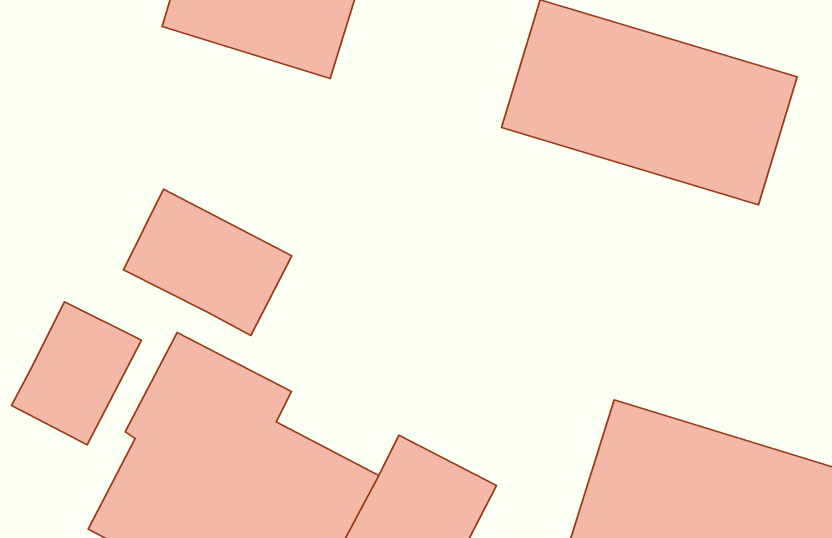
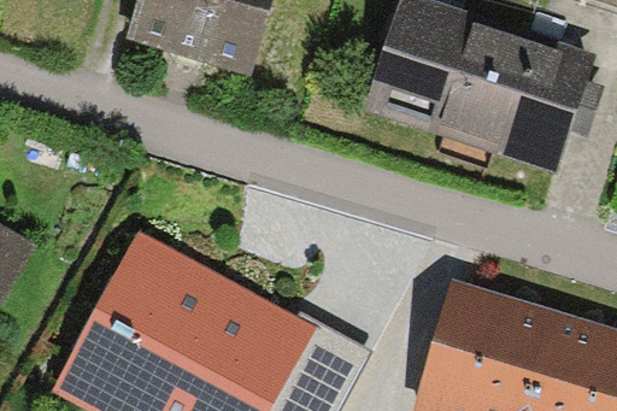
building: [124,189,292,335] -> none
building: [11,302,141,445] -> none

